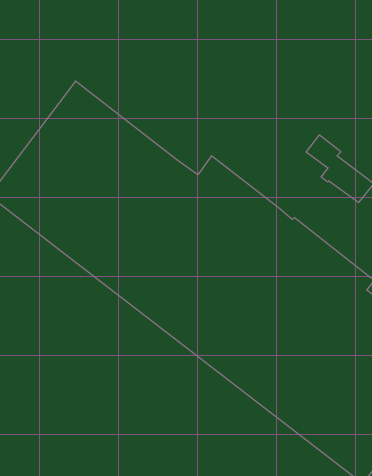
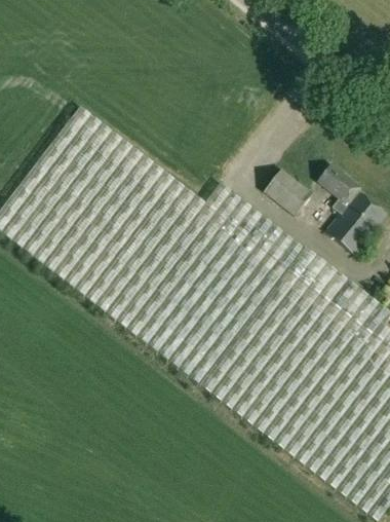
building: none -> [266,167,314,214]
building: none -> [327,209,374,252]

